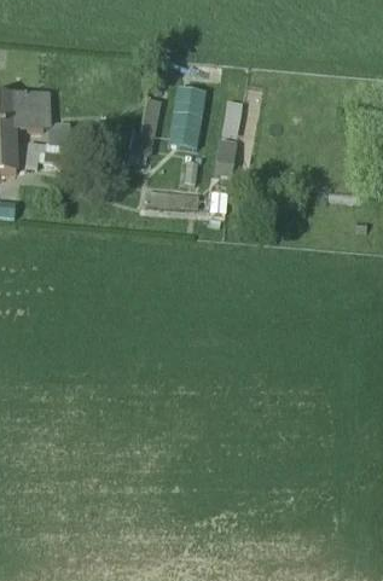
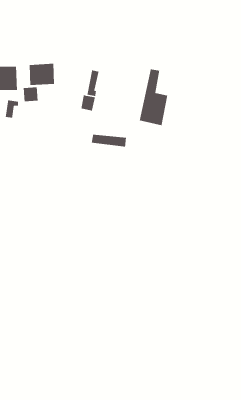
building: none -> [29,63,55,86]
building: [172,89,204,149] -> none

